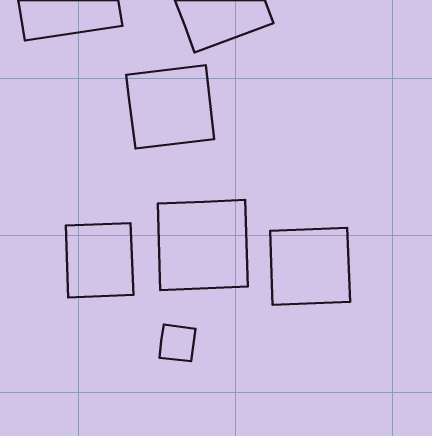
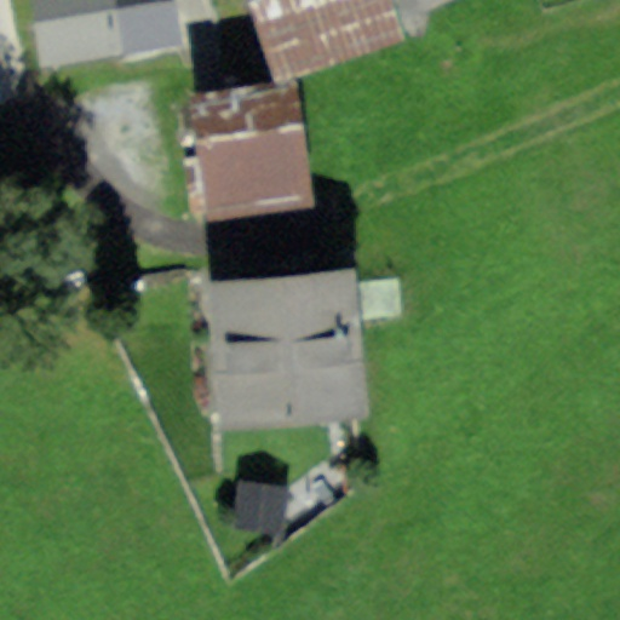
building: [66,223,134,298] -> none
building: [270,228,350,305] -> none

